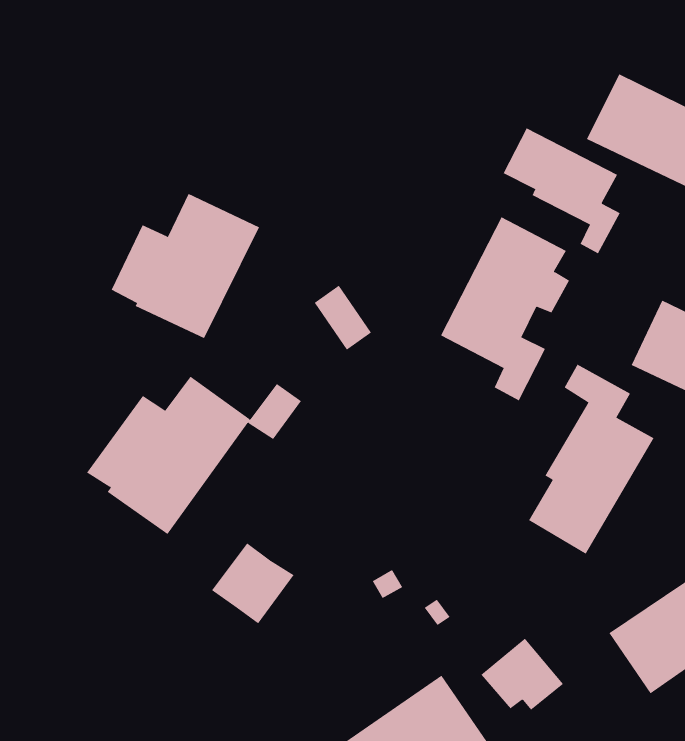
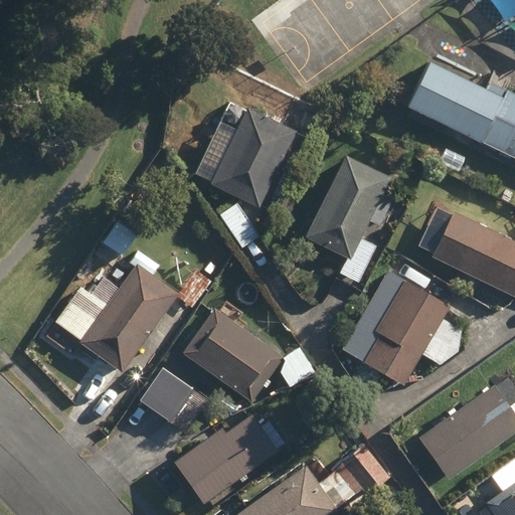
building: [503,128,621,254] -> none
building: [111,193,260,339] -> [195,108,296,206]
building: none -> [183,309,282,401]
building: none -> [174,409,283,504]

